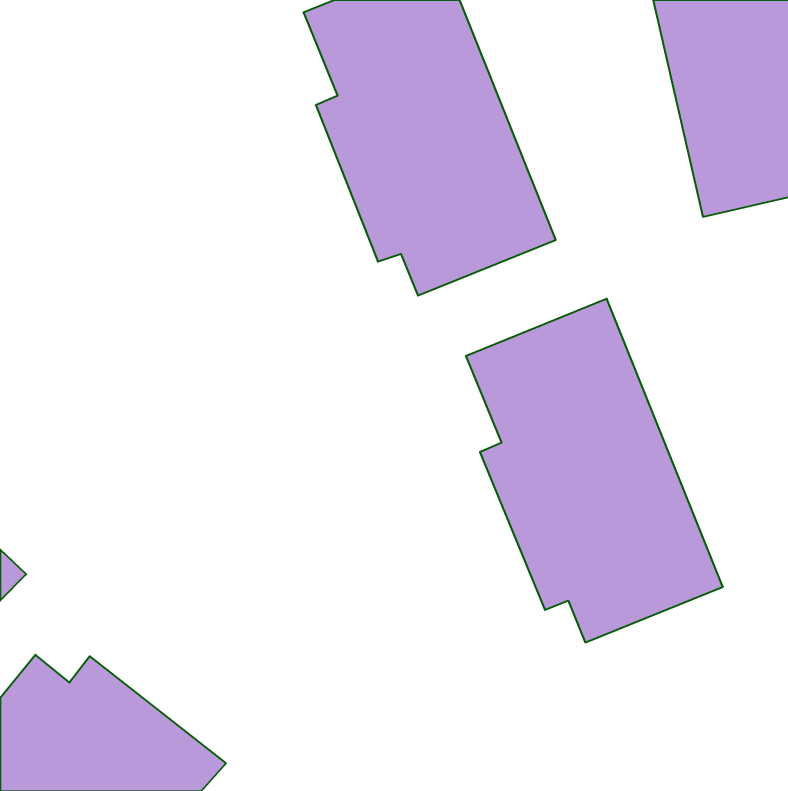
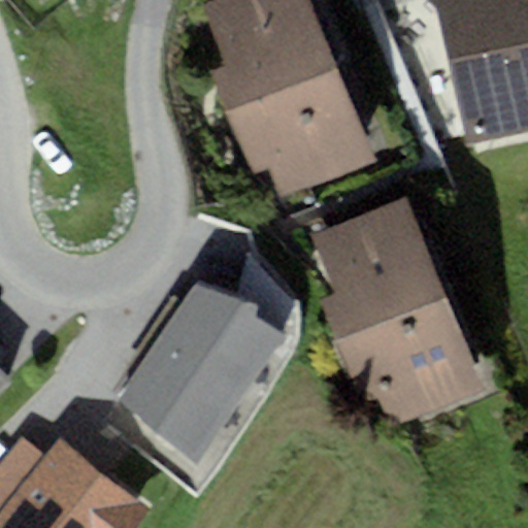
building: none -> [112,280,283,462]

